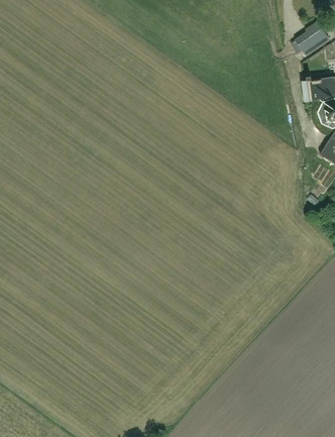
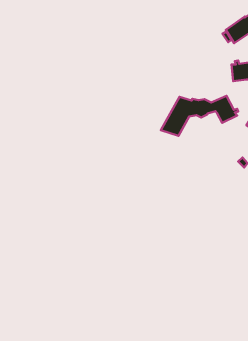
building: none -> [161,96,238,136]

